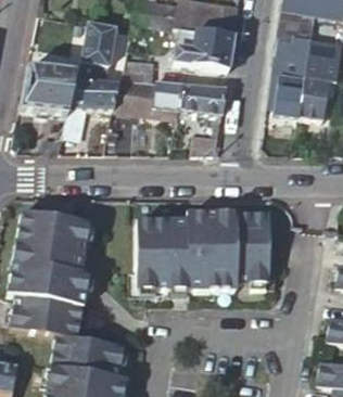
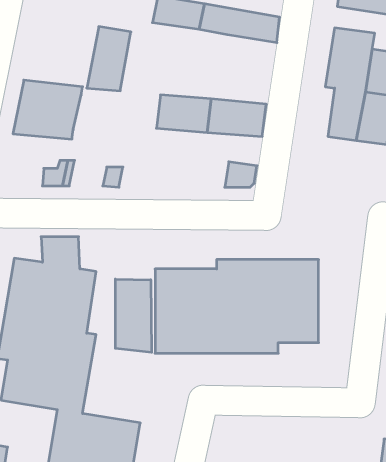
building: [173,30,234,72] -> none
building: [69,79,120,108] -> none
building: none -> [115,279,152,352]

